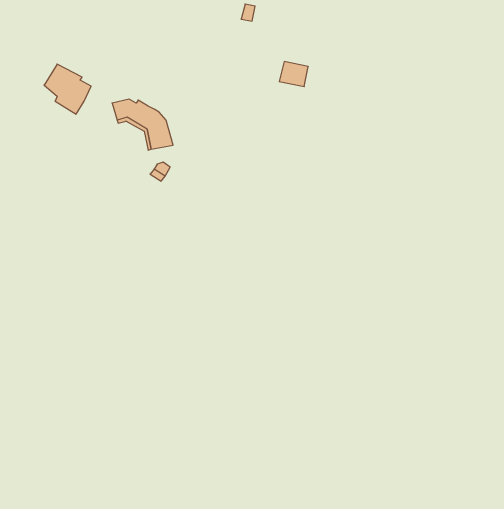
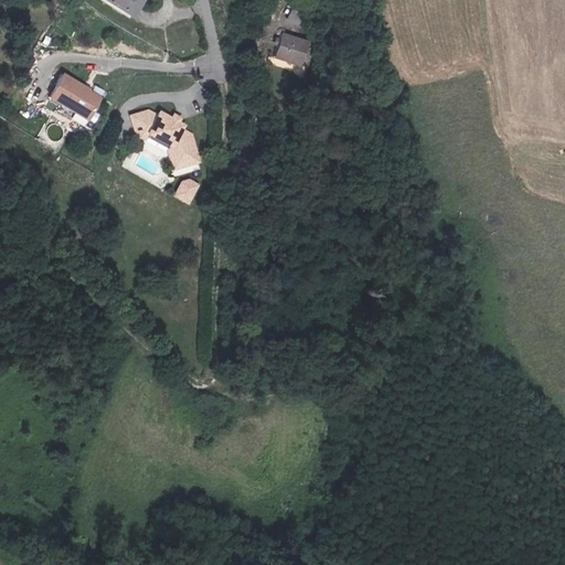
building: [279,62,308,87] -> [268,39,300,66]

